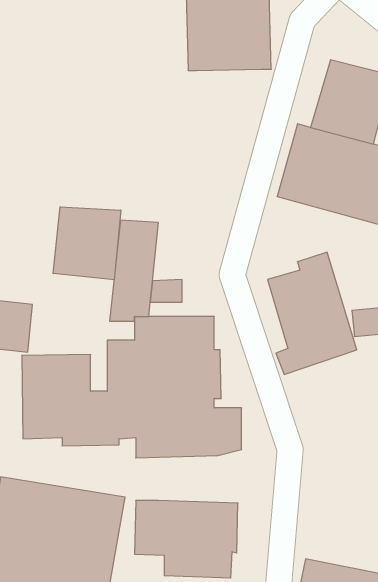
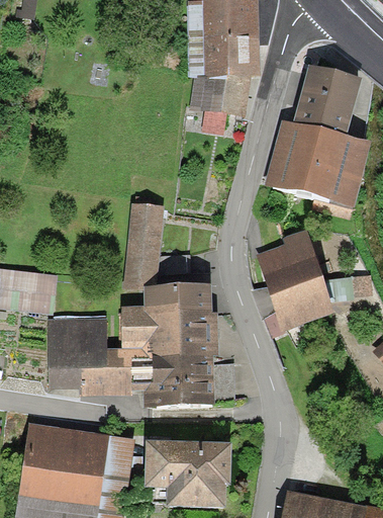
building: none -> [190,75,252,134]
building: [53,207,121,280] -> none

